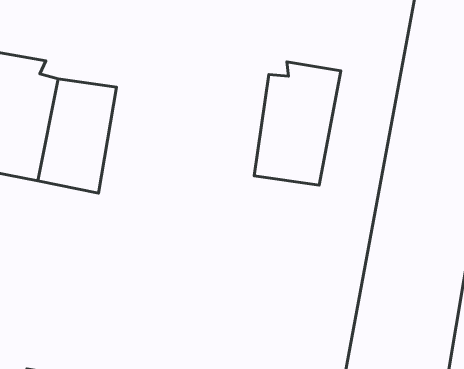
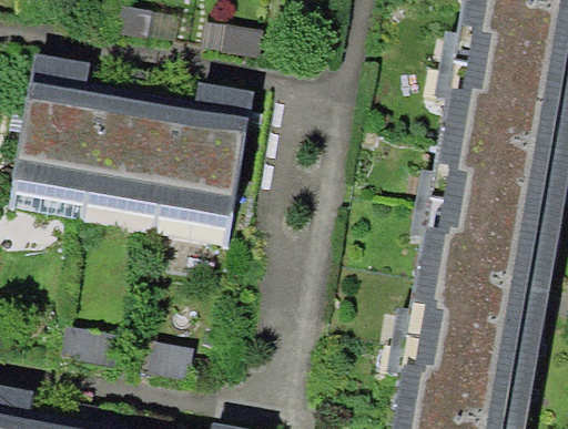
building: [254,62,341,185] -> none
building: none -> [143,92,243,233]

